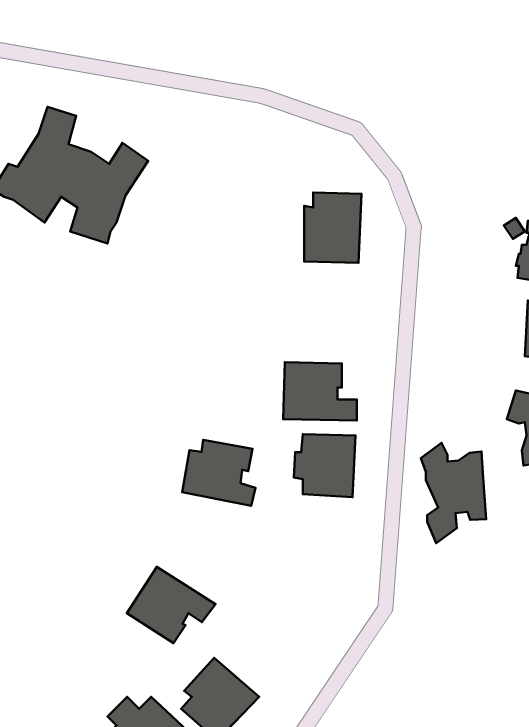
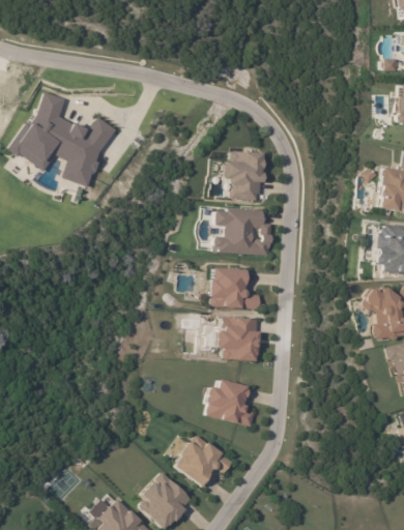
building: none -> [217,208,272,255]
building: [182,440,256,506] -> [205,380,256,425]
building: [421,443,486,543] -> none
building: [127,567,215,643] -> [174,435,235,488]

